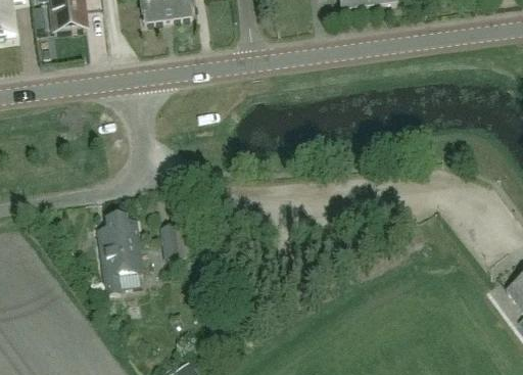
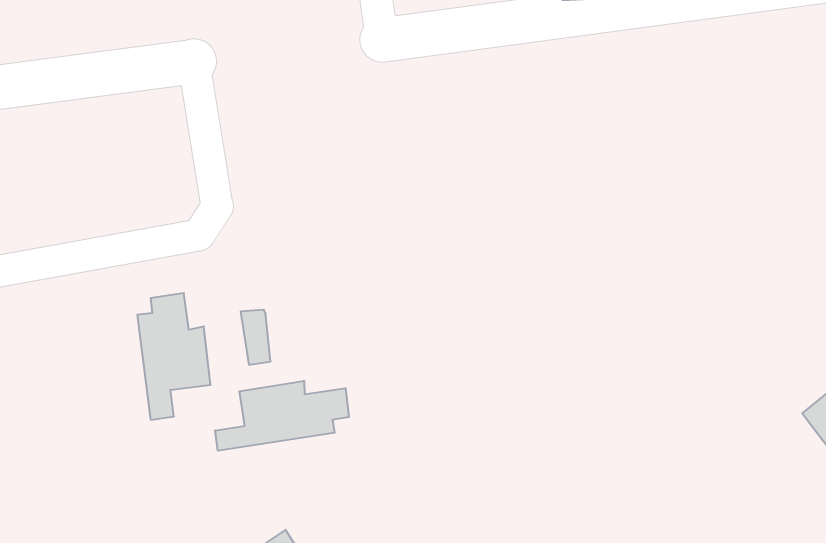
building: none -> [215,381,349,451]

